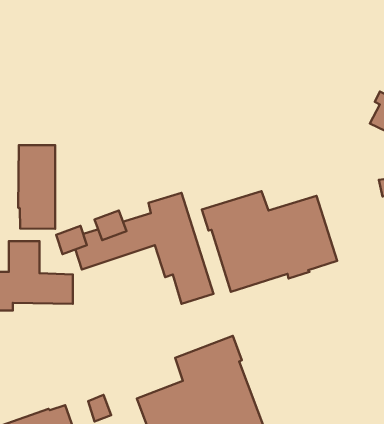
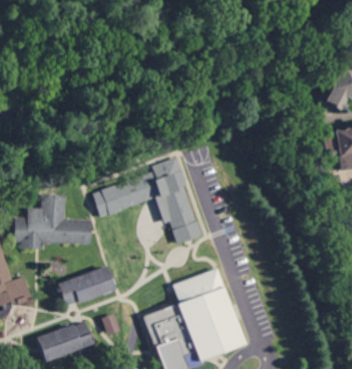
building: [18,145,55,229] -> none
building: [202,191,337,292] -> none
building: none -> [58,266,116,305]

